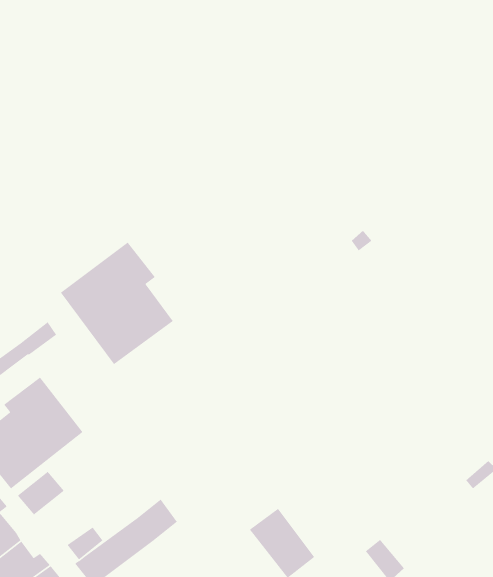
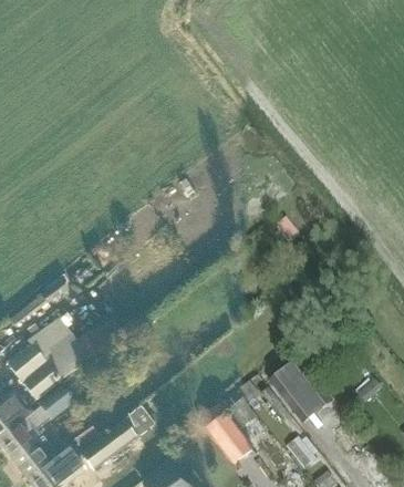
building: [60,241,174,365] -> none
building: none -> [270,358,331,423]

